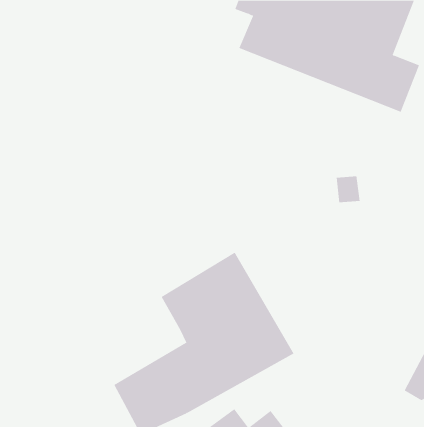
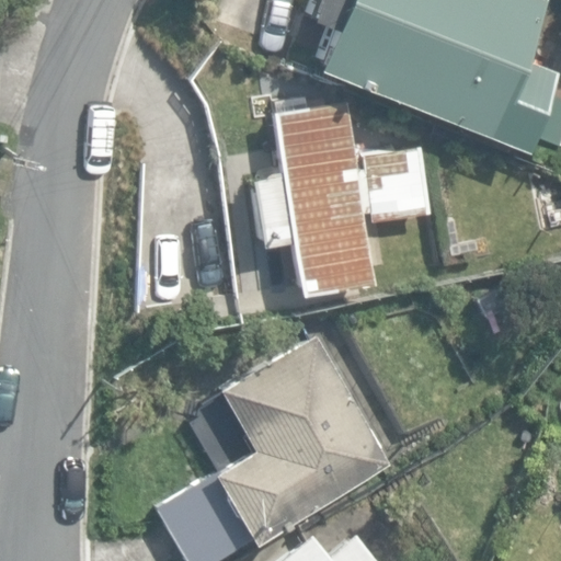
building: none -> [257,104,434,295]

